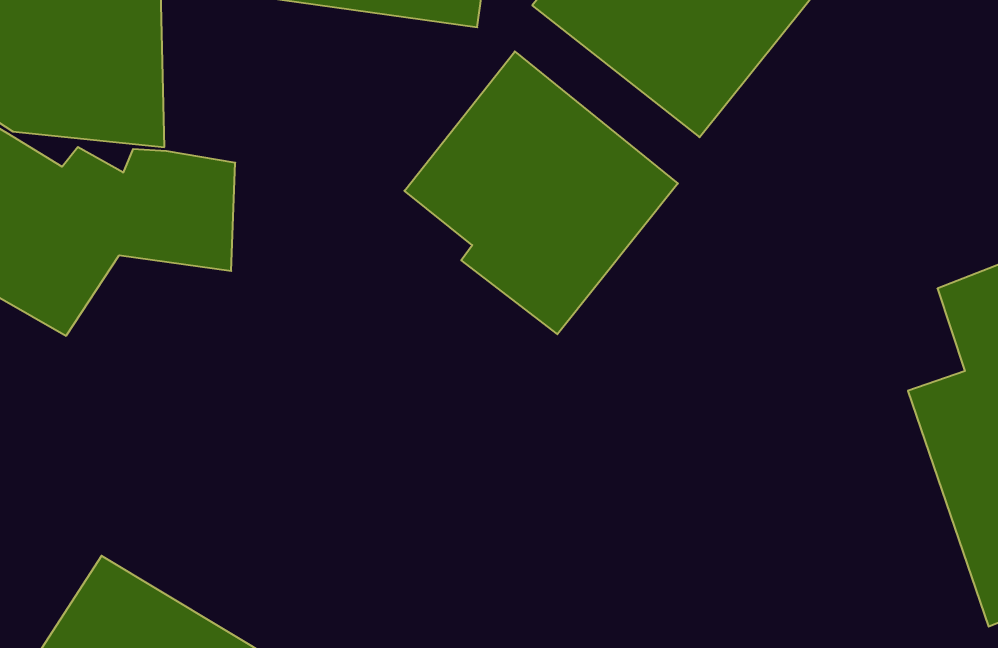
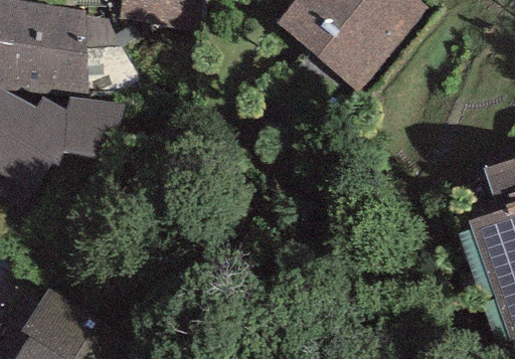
building: [404,51,678,334] -> none

